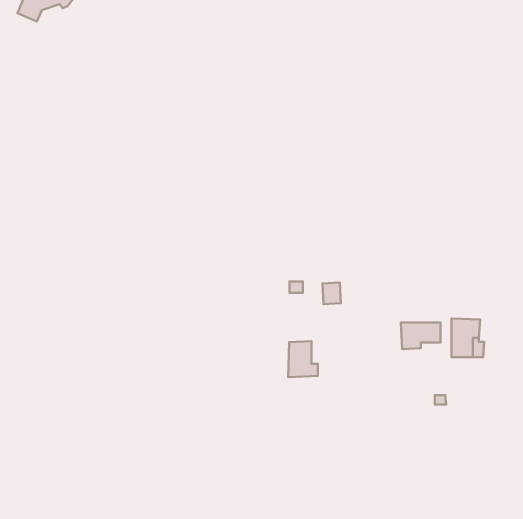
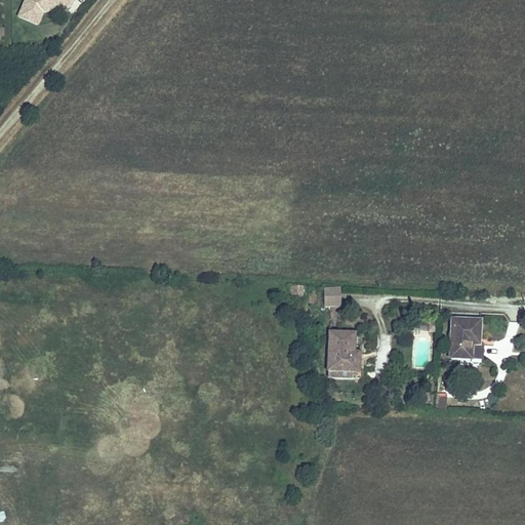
building: [401,322,441,349] -> none
building: [288,341,318,377] -> [326,332,356,368]

